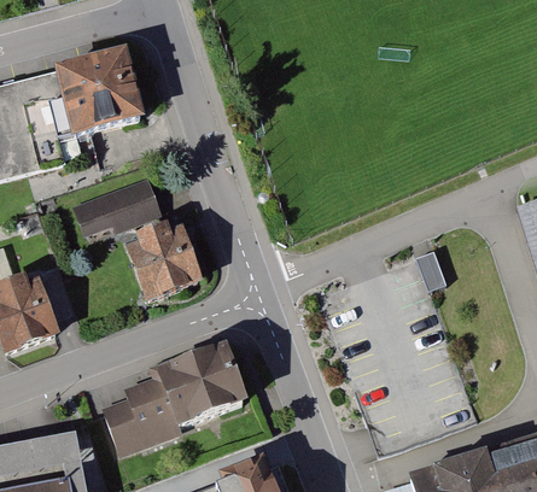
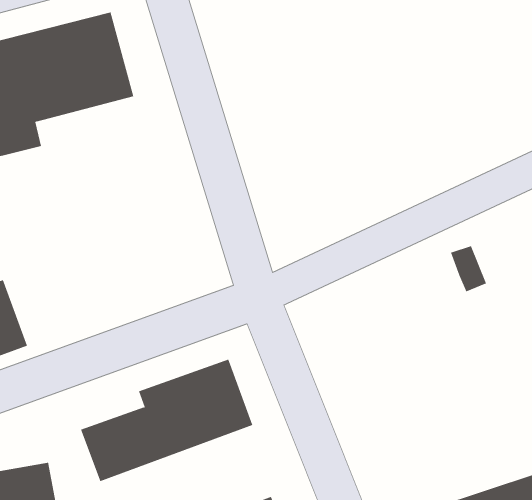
building: [69,171,165,245] -> none
building: [123,222,194,292] -> none

